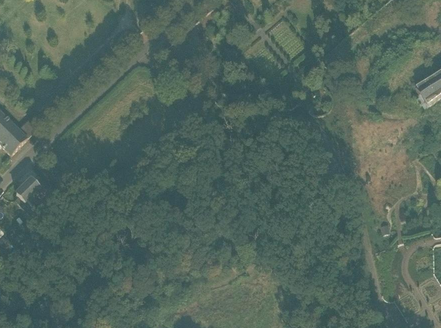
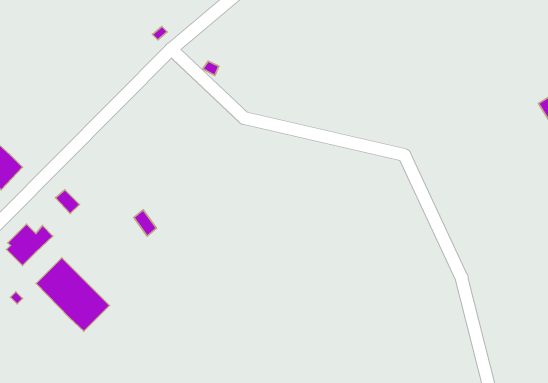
building: none -> [36,258,109,331]

